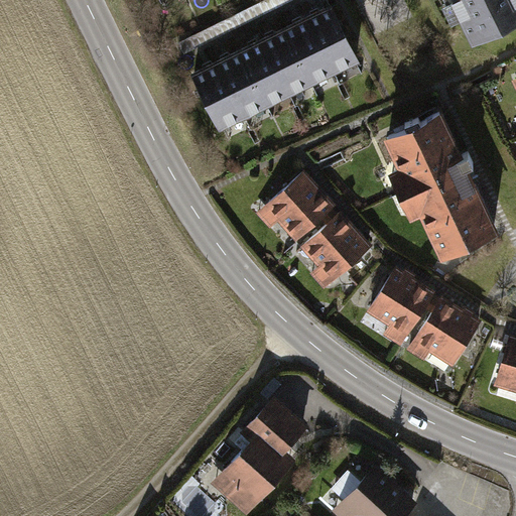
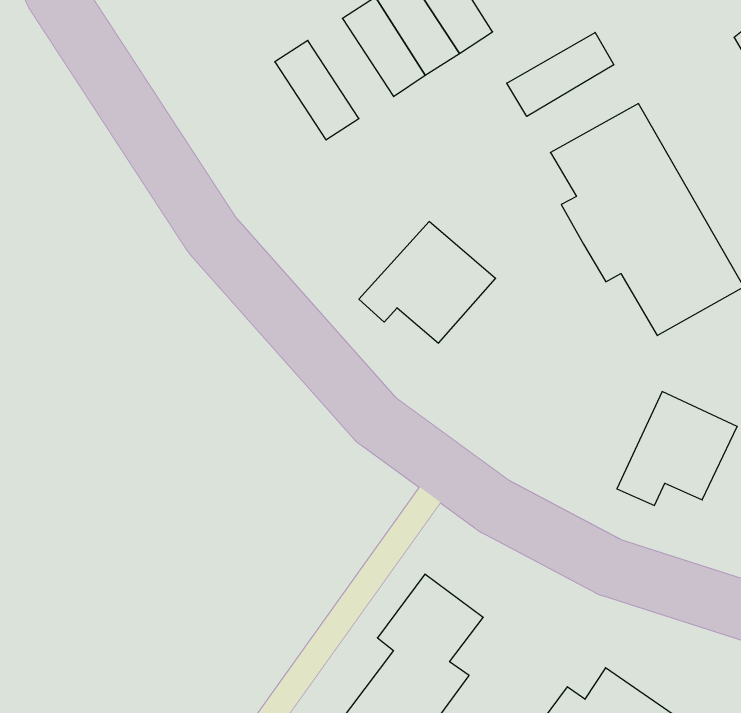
building: [242,41,291,105] -> none
building: [197,63,246,127] -> none
building: none -> [507,32,614,116]
building: [301,215,374,296] -> none
building: [368,272,437,355] -> none

